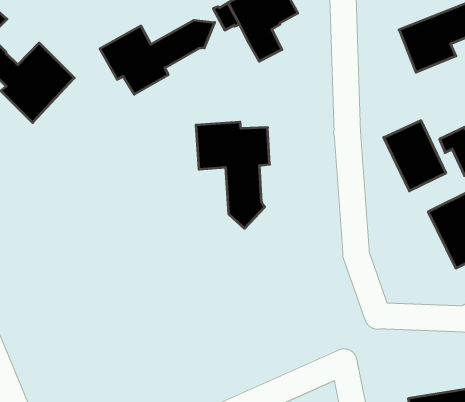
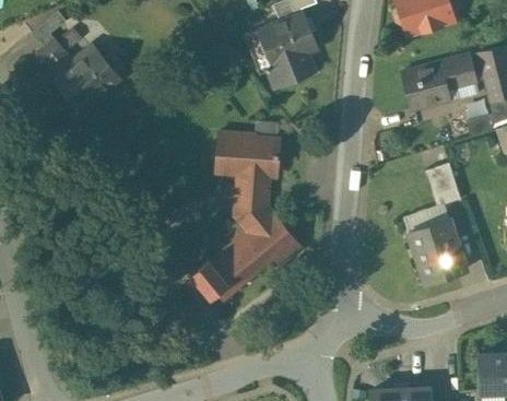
building: [100,20,215,94] -> none
building: [384,121,446,191] -> none
building: none -> [189,208,303,300]

